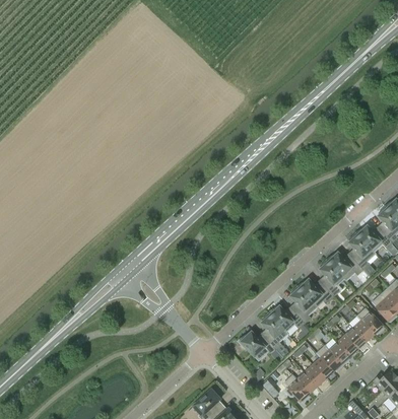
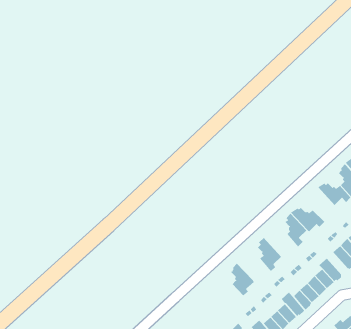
building: [349,232,376,270] -> none
building: [297,280,334,307] -> none
building: [268,307,305,333] -> none
building: [237,333,275,361] -> none

